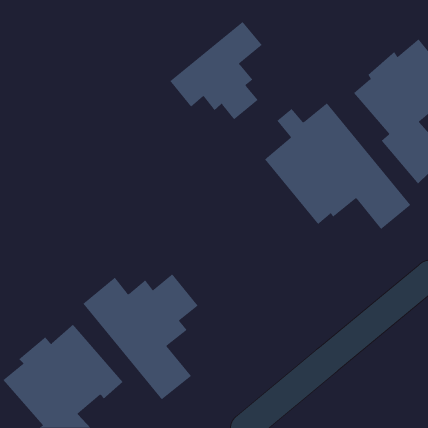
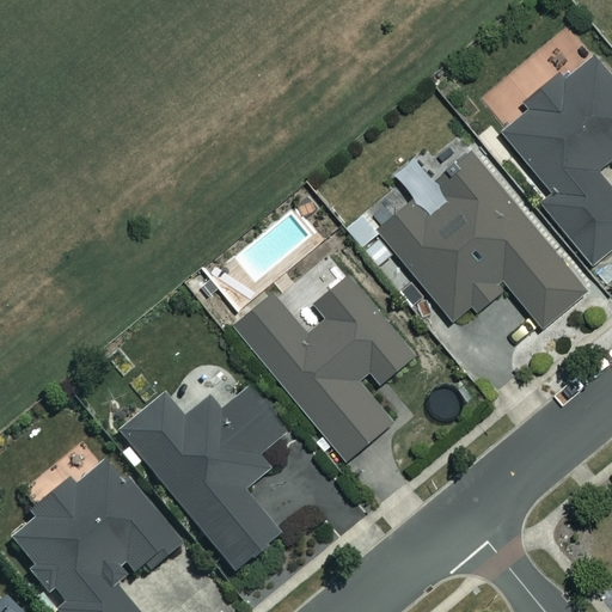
building: [169,21,262,120] -> none
building: none -> [235,274,414,458]

